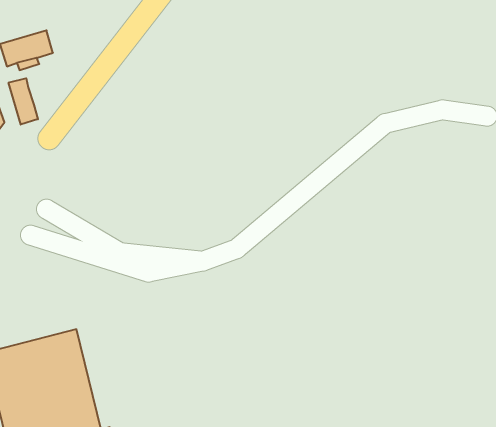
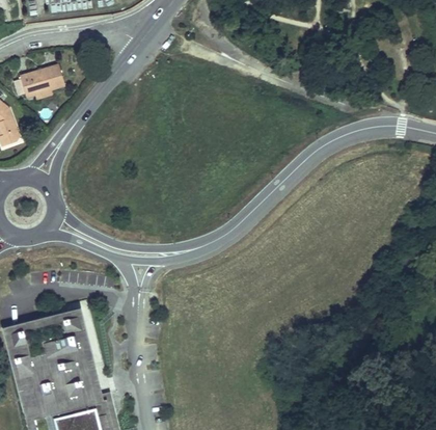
building: [9,78,38,125] -> none

